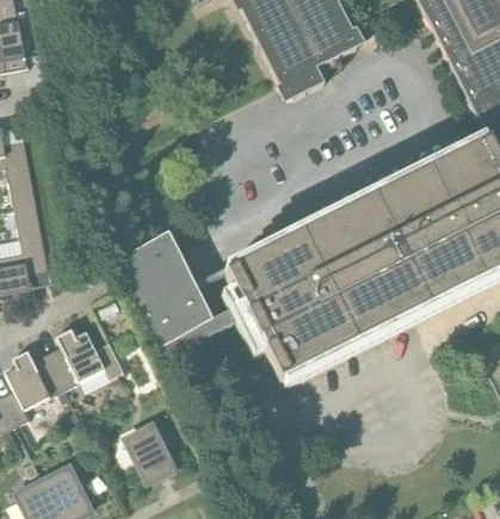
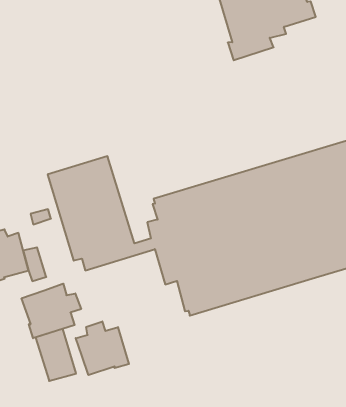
building: none -> [22,284,81,338]
building: none -> [76,321,129,375]

